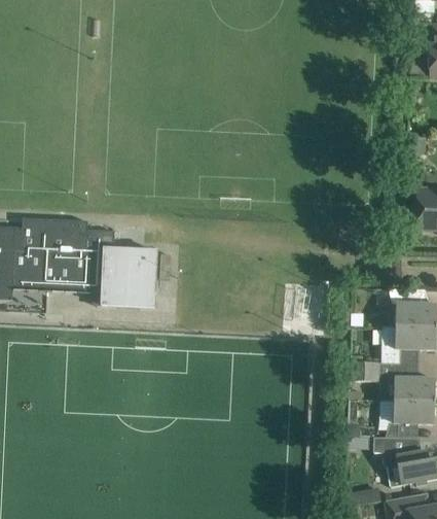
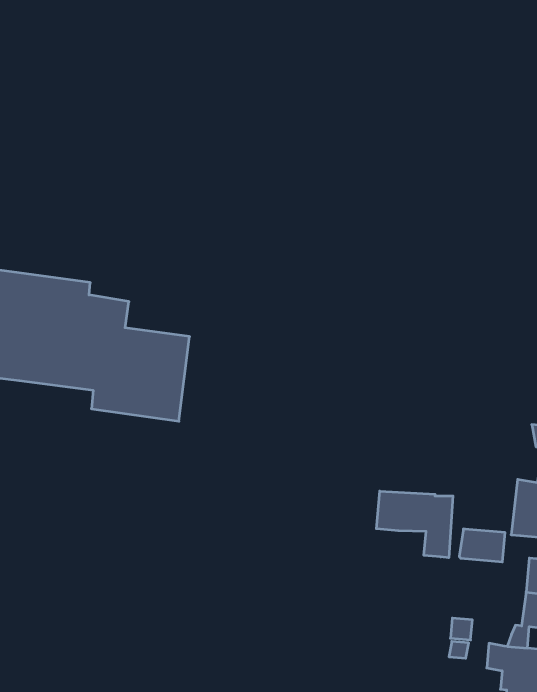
building: none -> [376,491,453,558]

